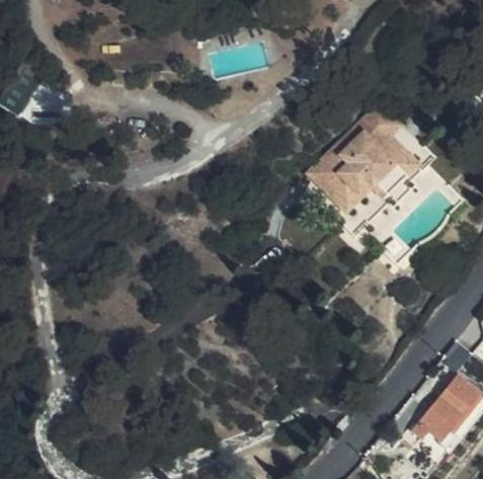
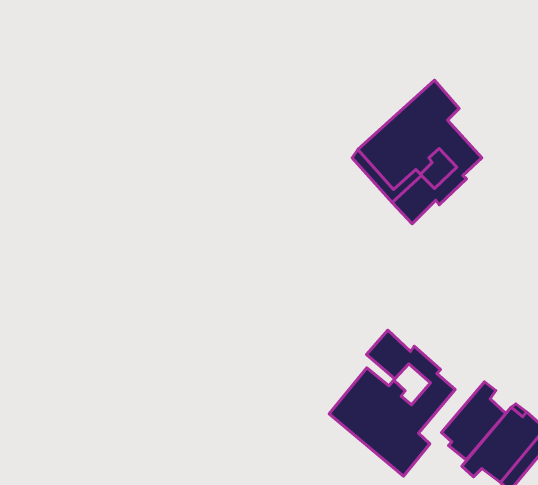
building: none -> [329,330,455,476]
building: none -> [442,382,506,460]

